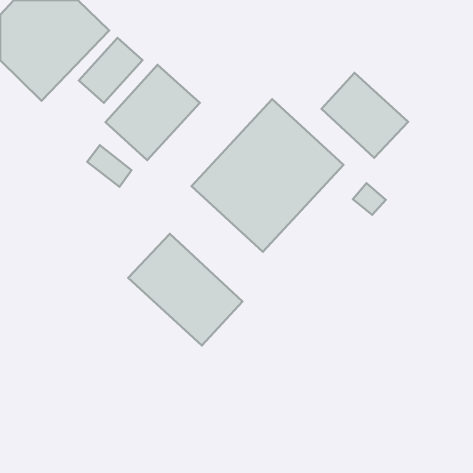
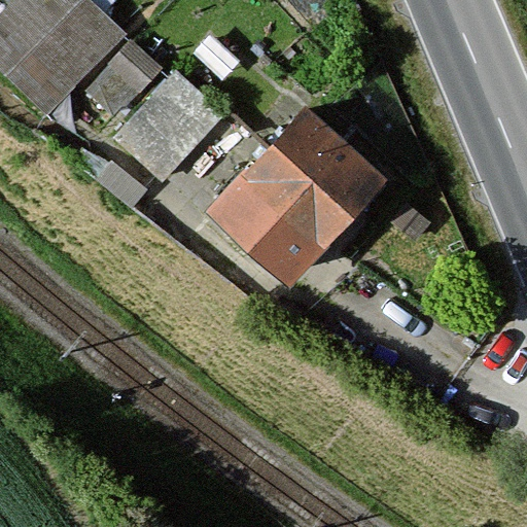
building: [321,73,408,158] -> none
building: [128,234,242,346] -> none

